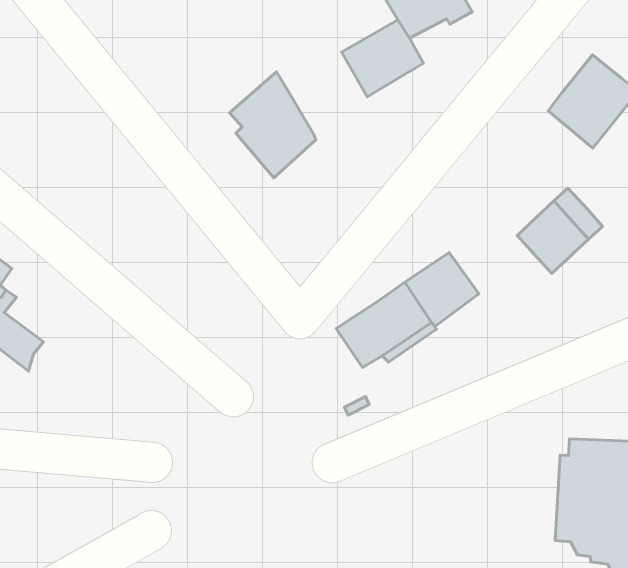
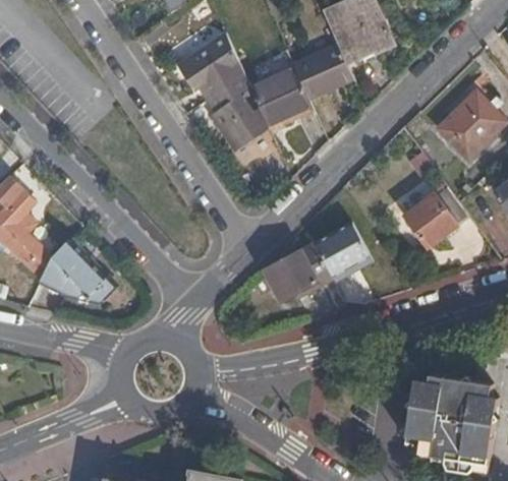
building: none -> [174,35,242,103]
building: none -> [248,69,308,125]
building: none -> [37,239,112,298]

